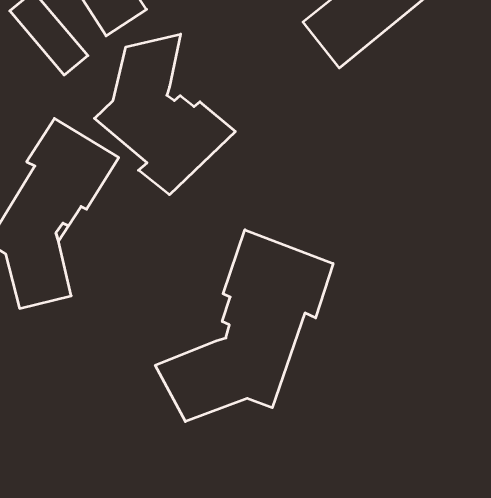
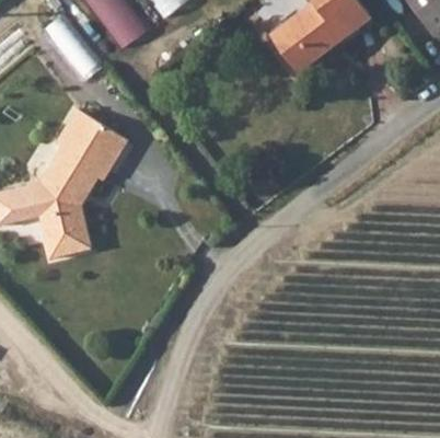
building: [94,34,235,195] -> none
building: [155,230,333,422] -> none

